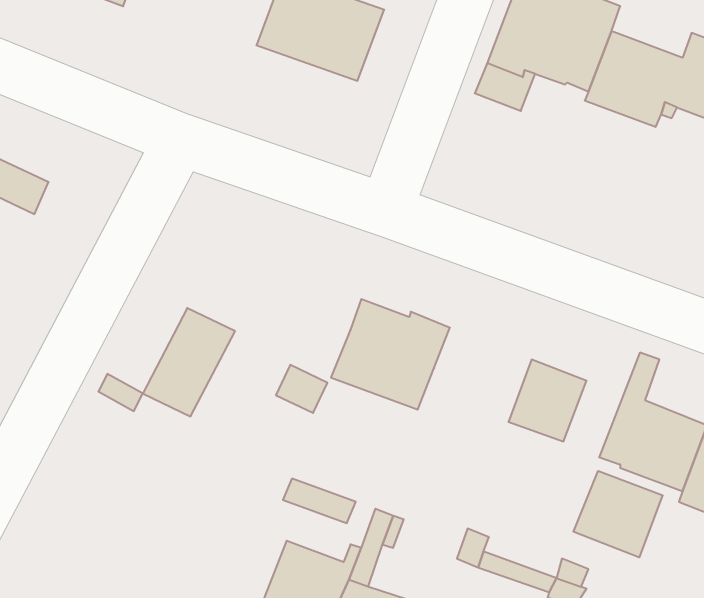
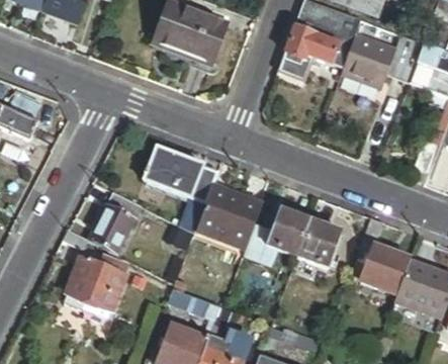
building: none -> [145,147,219,203]
building: none -> [245,208,310,264]
building: none -> [66,257,125,310]
building: [573,471,663,557] -> none

